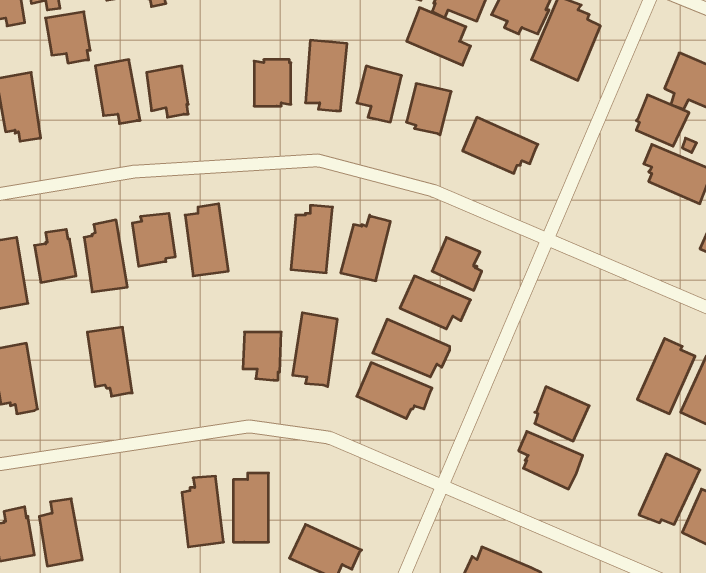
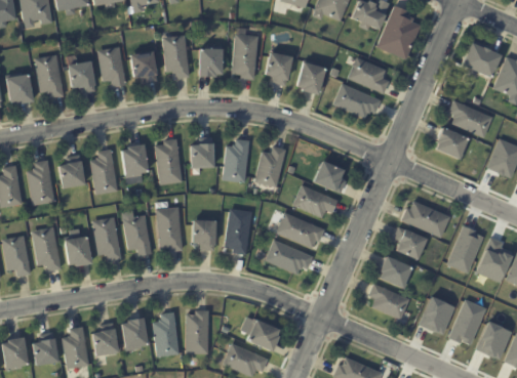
building: [407,8,471,65] -> [349,57,390,94]
building: [45,12,90,63] -> [68,60,96,93]
building: none -> [163,35,191,78]
building: [636,95,689,146] -> [435,126,469,159]
building: none -> [191,137,215,168]
building: none -> [401,201,451,238]
building: none -> [157,207,184,252]
building: none -> [123,215,153,256]
building: none -> [394,227,429,260]
building: none -> [65,228,92,267]
building: none -> [417,296,453,334]
building: none -> [122,318,149,351]
building: none -> [247,320,280,351]
building: none -> [93,323,120,356]

